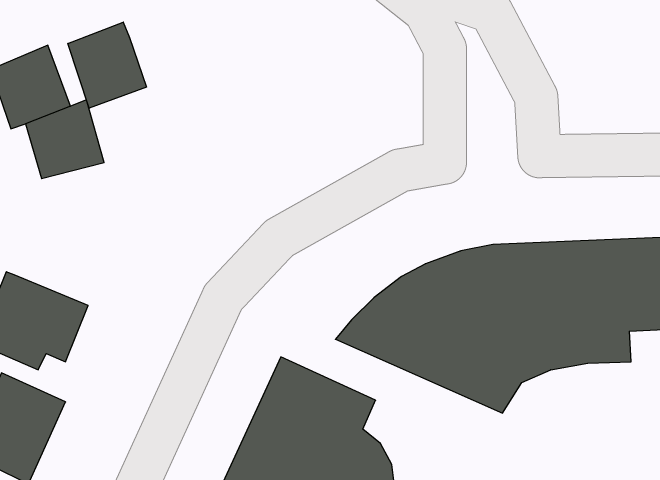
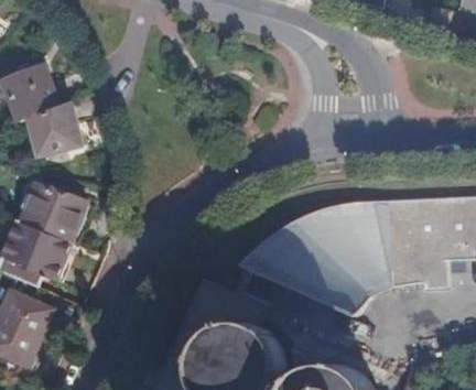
building: [68,22,147,108] -> none
building: none -> [20,185,88,243]

